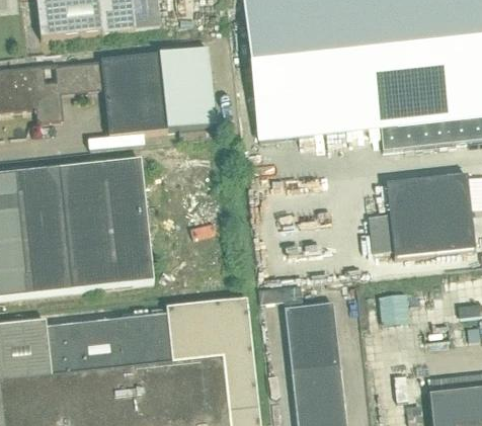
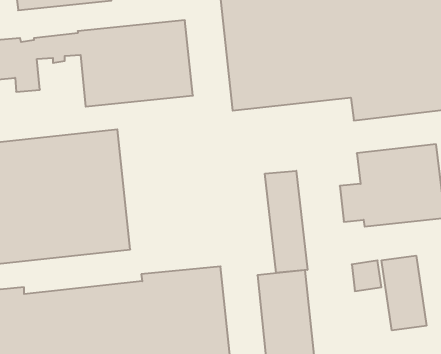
building: none -> [265,171,307,273]
building: none -> [382,256,426,330]

